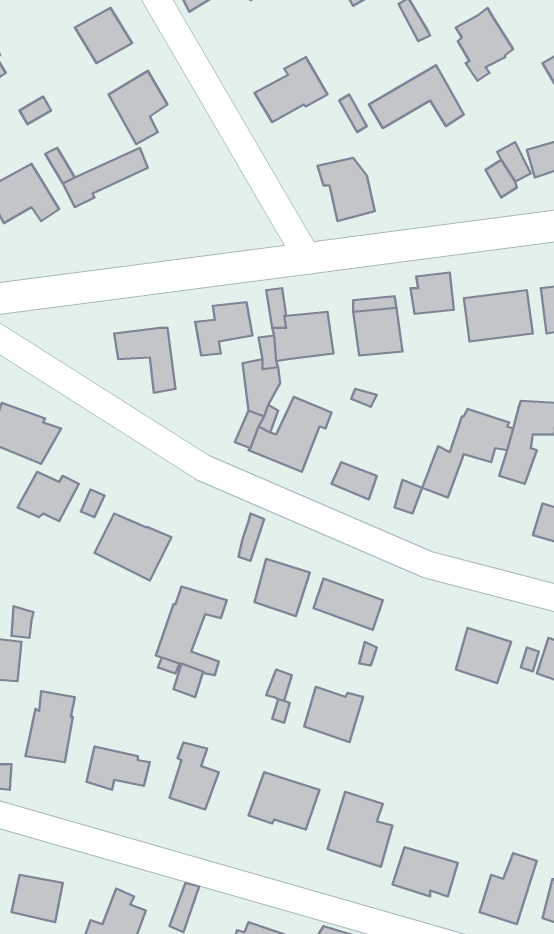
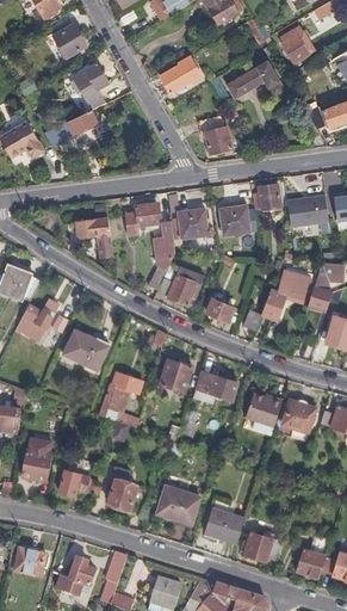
building: [304,687,363,742] -> [246,393,281,426]

